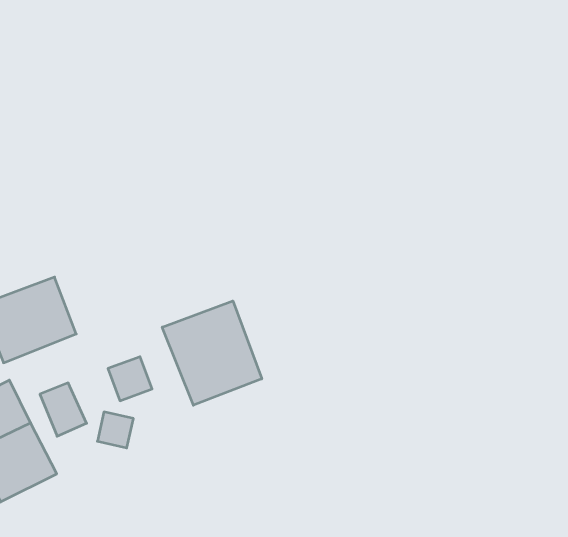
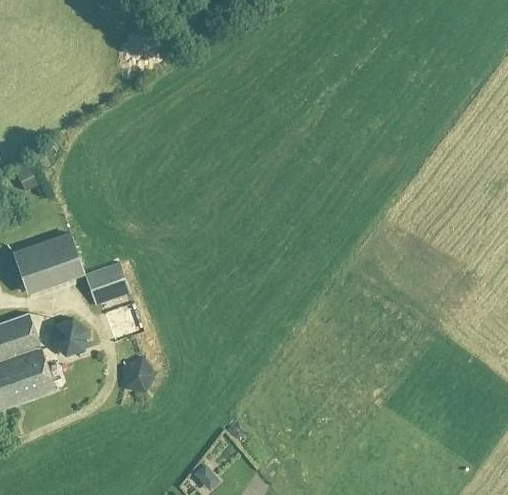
building: [162,301,262,405] -> none
building: none -> [84,260,131,303]
building: [97,412,133,448] -> [121,363,151,393]

